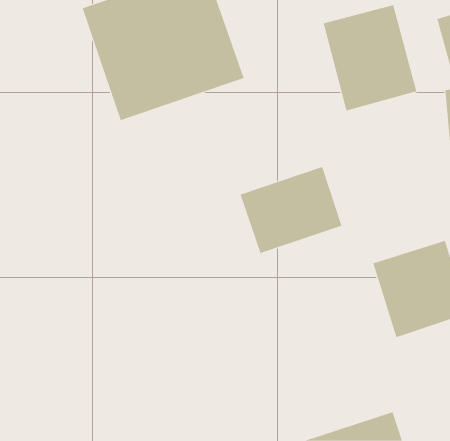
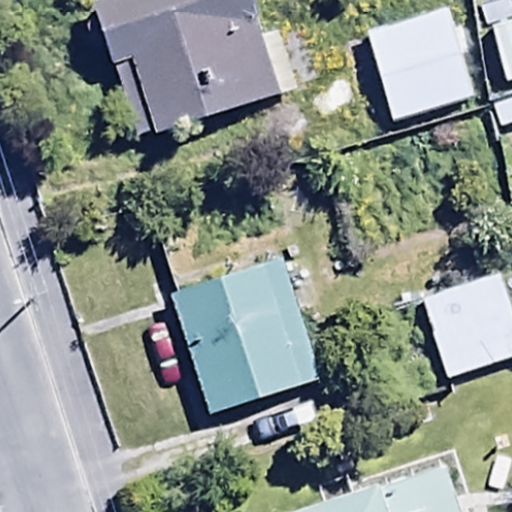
building: [240,166,342,254] -> none
building: none -> [171,255,321,414]

